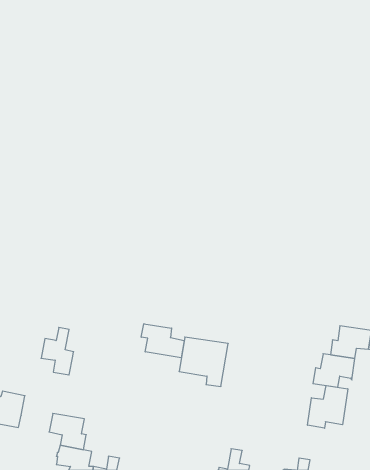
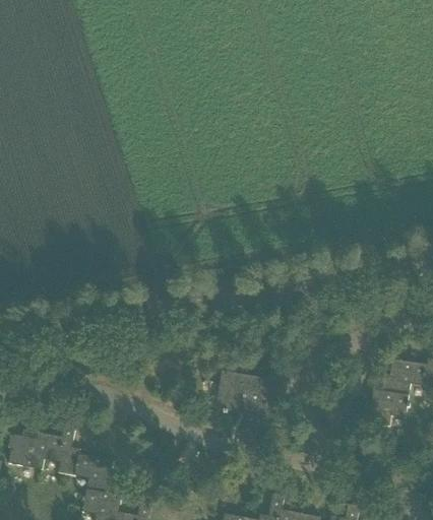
building: [141,324,184,358] -> none
building: [41,327,74,375] -> [44,422,79,474]
building: [308,386,348,428] -> none

